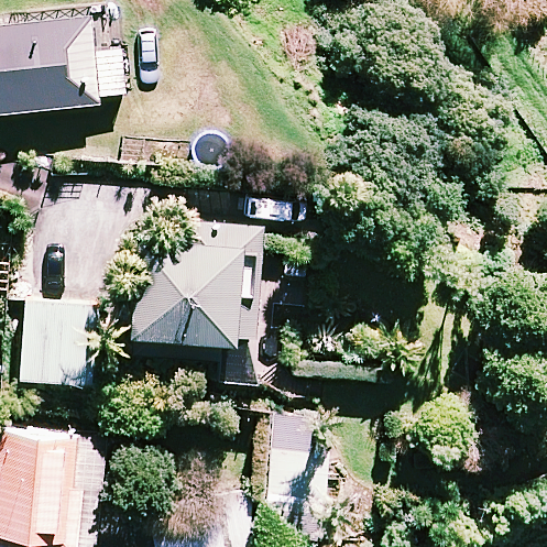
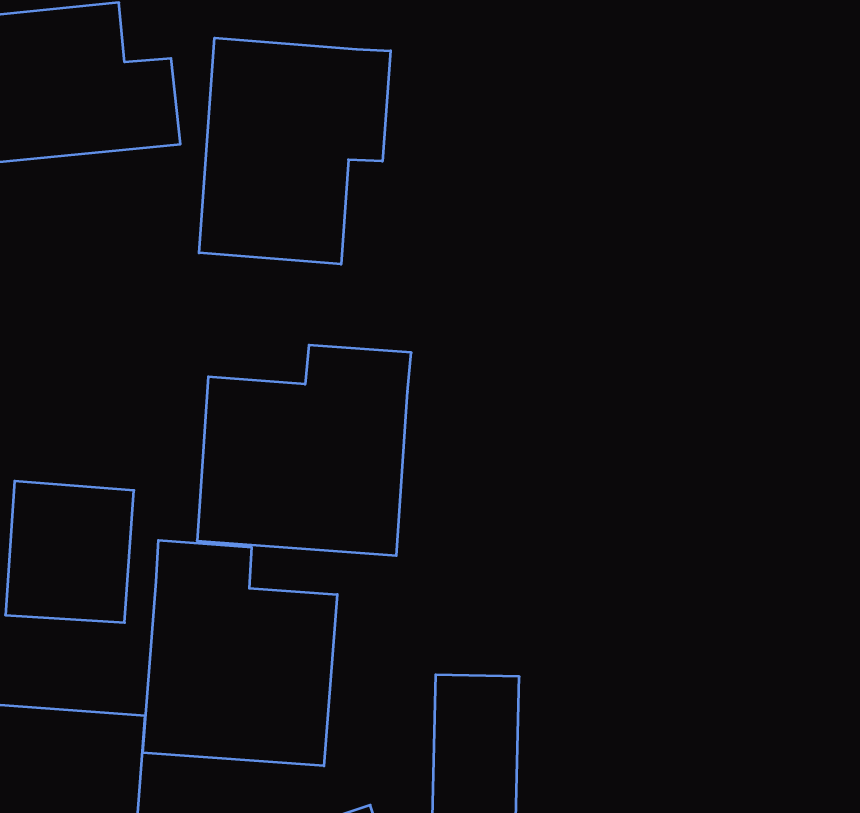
building: none -> [199,38,391,264]
building: none -> [143,540,337,766]

